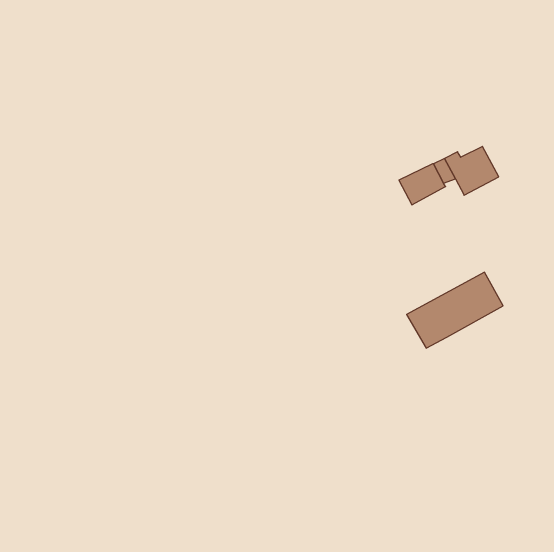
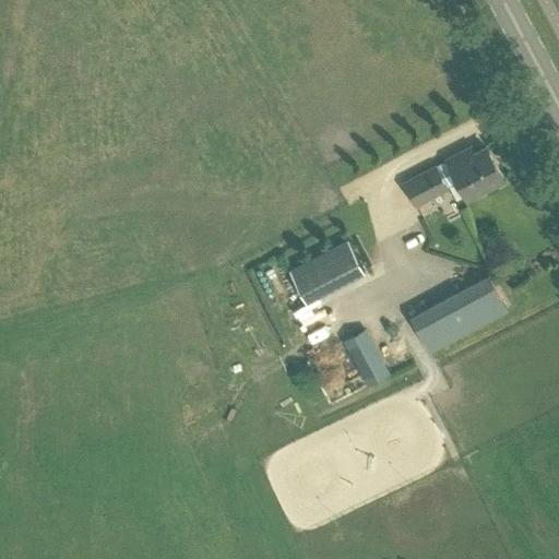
building: none -> [290,246,365,307]
building: none -> [343,330,390,388]

